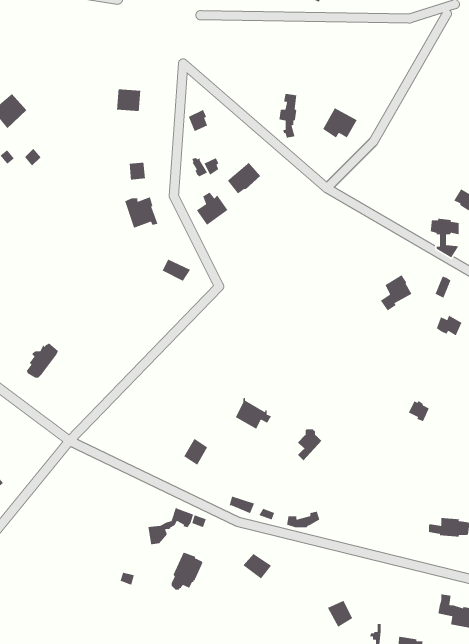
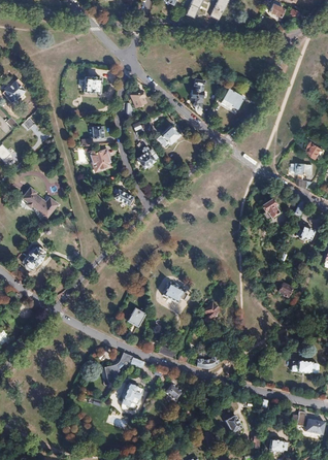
building: none -> [22,187,57,217]

